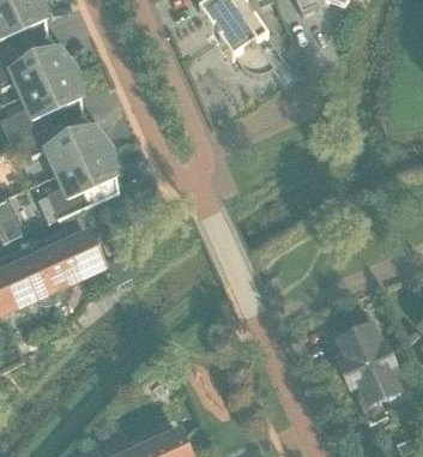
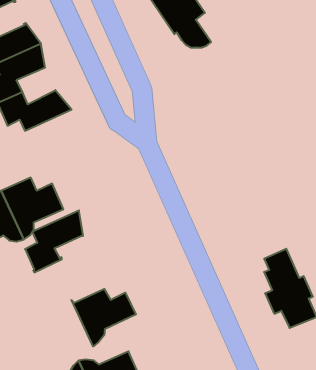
building: [48,146,116,220] -> [25,210,83,272]
building: none -> [71,289,136,346]

